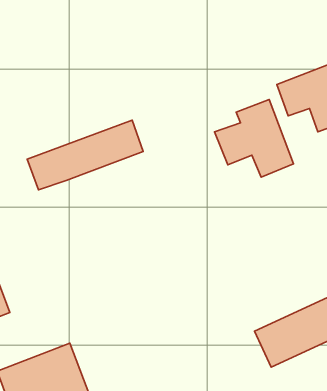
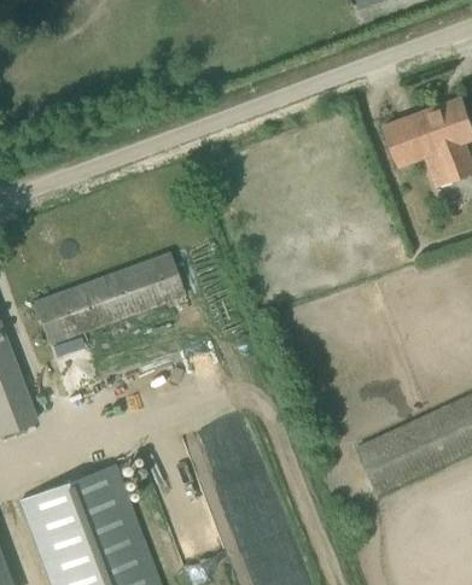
building: [214,100,294,177] -> none
building: [27,120,143,190] -> [34,252,185,343]

